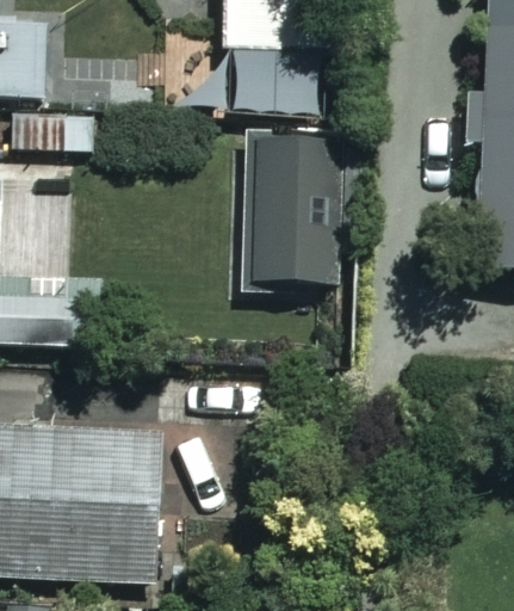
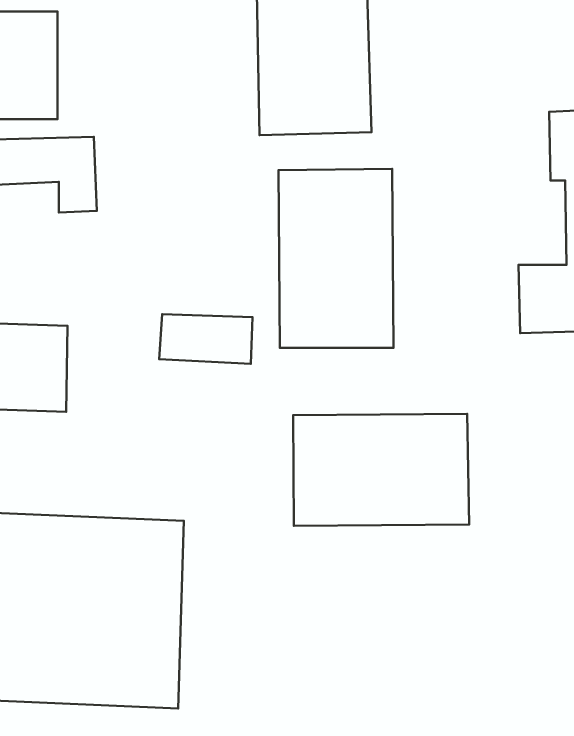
building: none -> [293,414,469,526]

